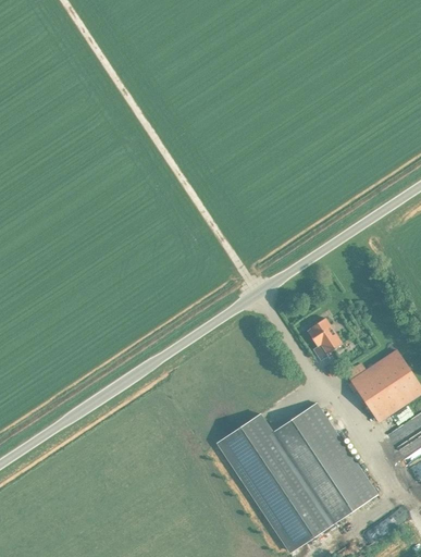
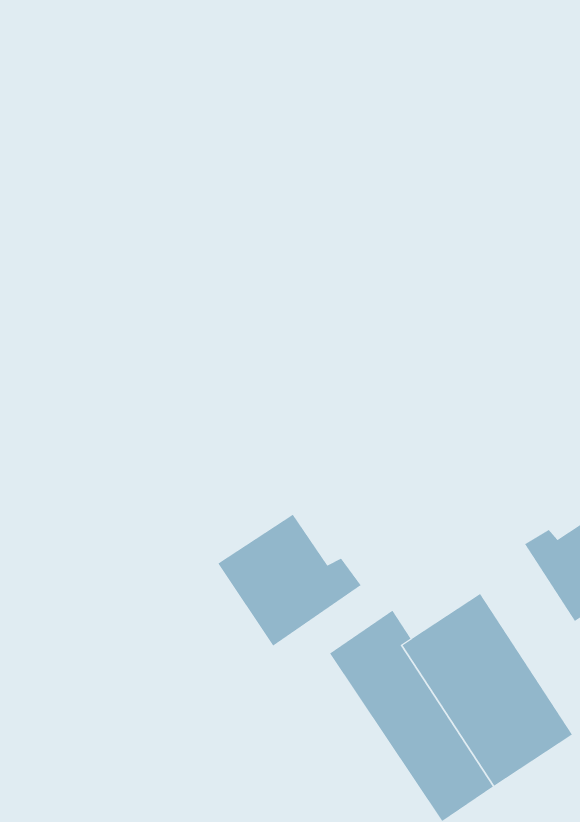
building: [307,319,342,355] -> none
building: none -> [217,514,362,646]

